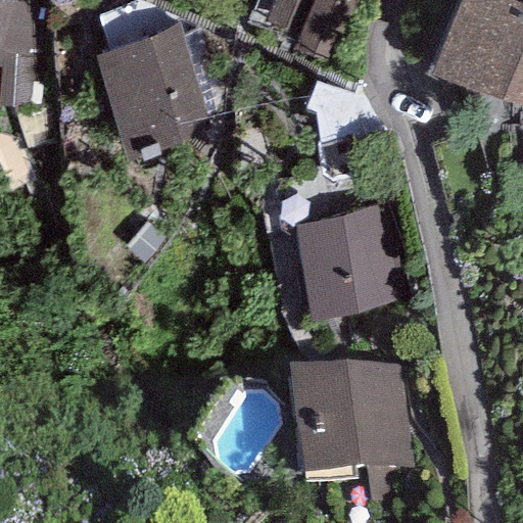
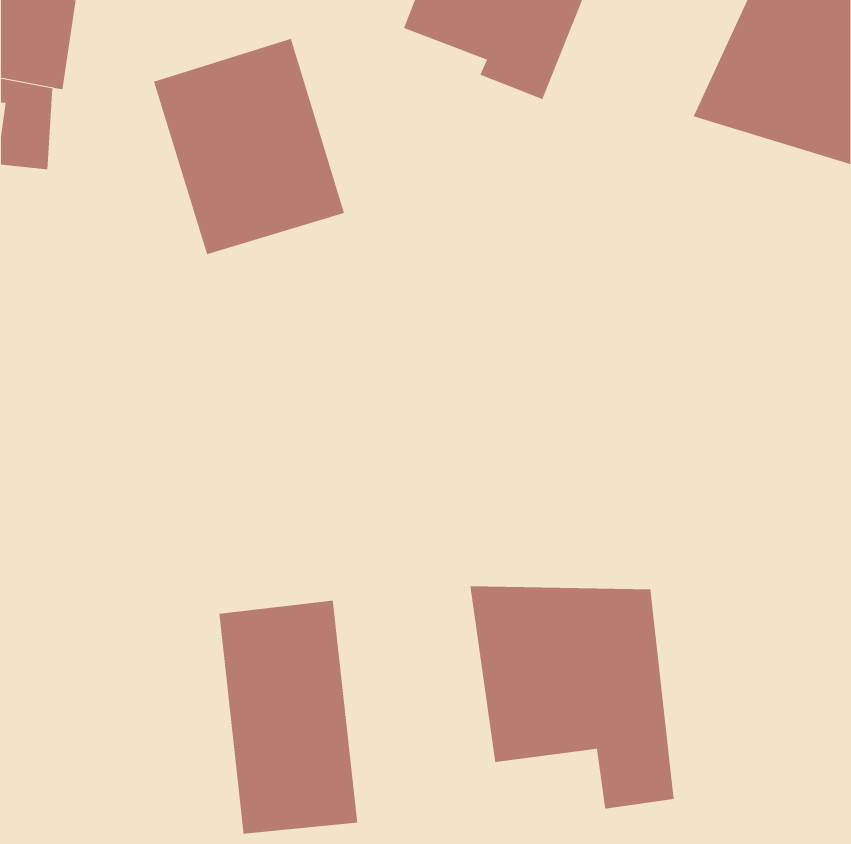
building: [293,200,409,321] -> none
building: none -> [219,600,358,835]

